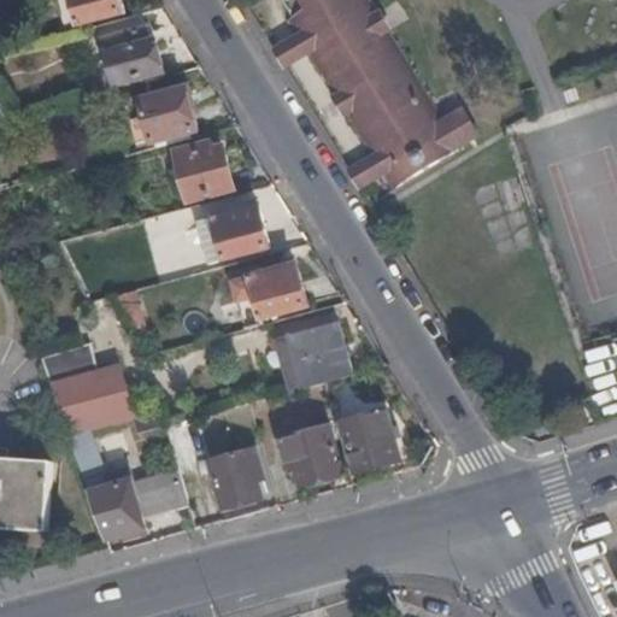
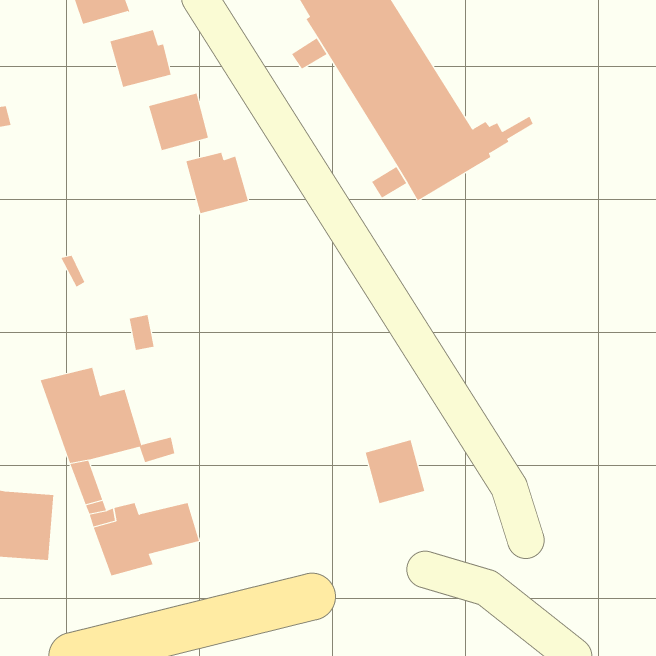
building: [212,205,270,259] -> none
building: [248,263,306,318] -> none
building: [284,322,351,388] -> none
building: [286,425,341,486] -> none
building: [208,448,260,507] -> none

